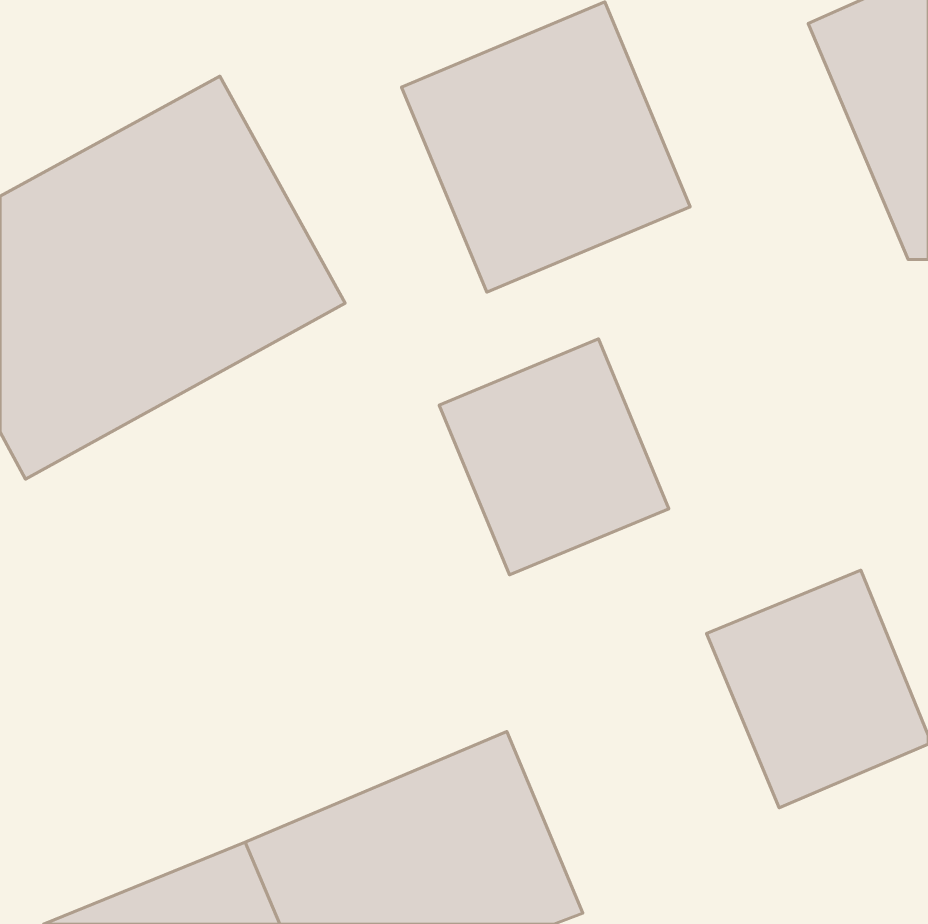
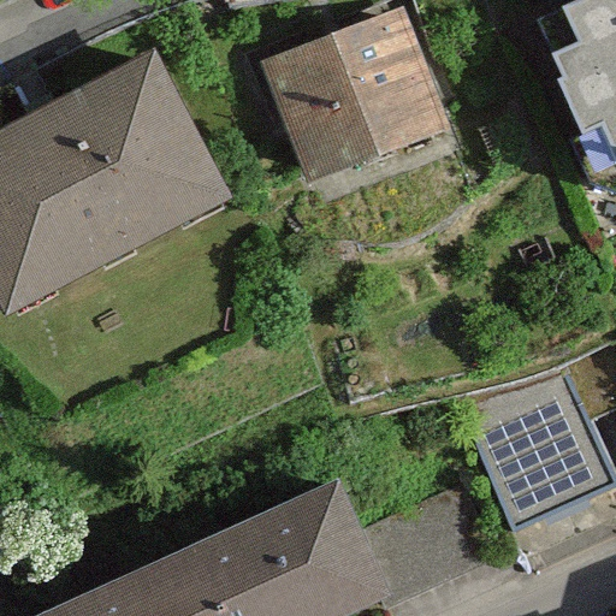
building: [439,339,669,575] -> none

